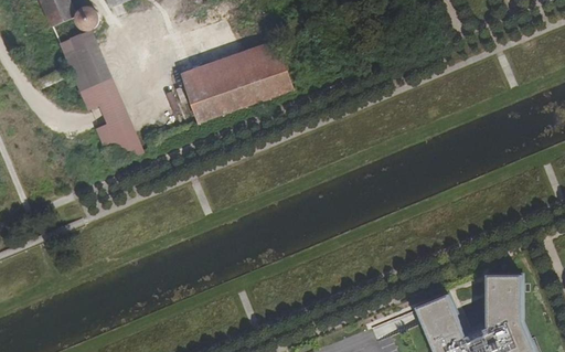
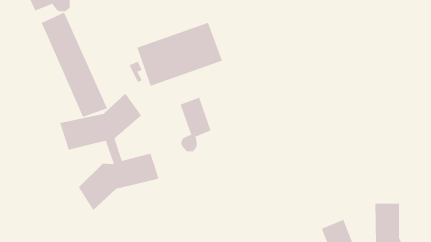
building: none -> [59,93,159,211]
building: none -> [180,97,211,152]

